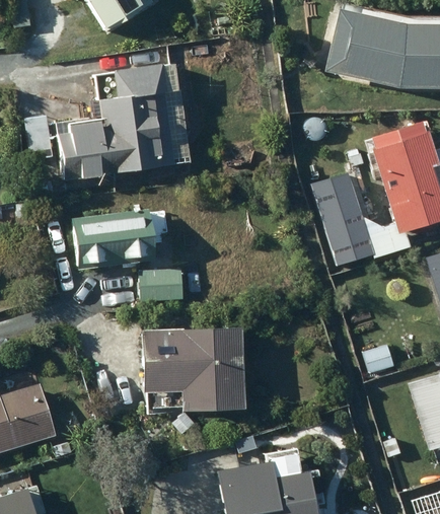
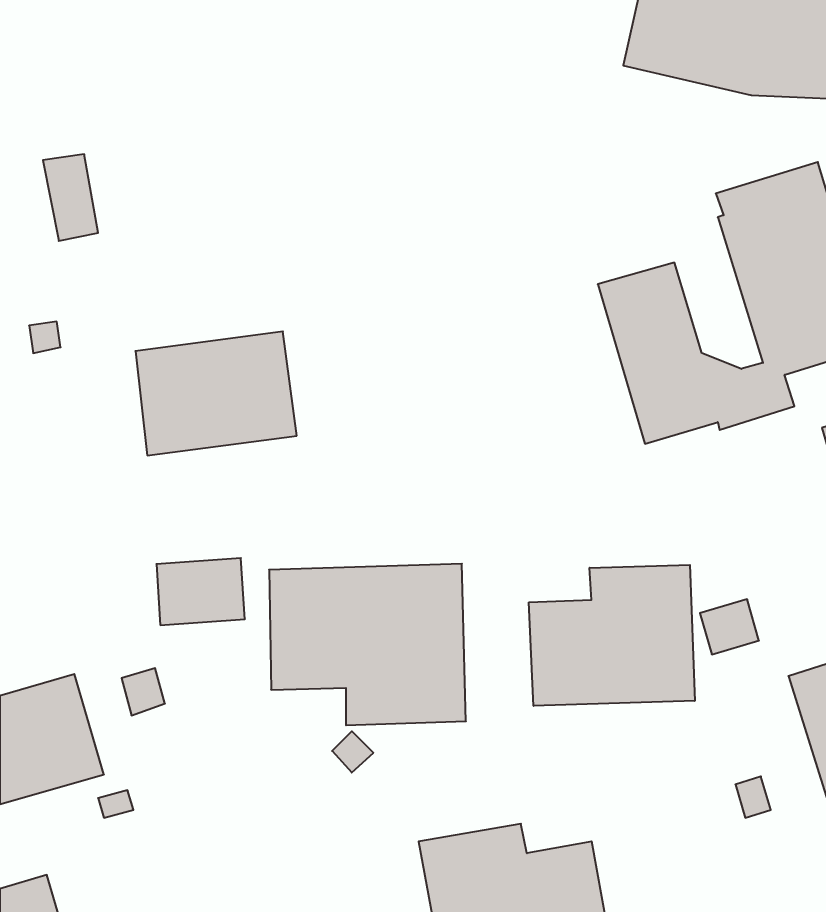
building: [57,60,192,179] -> none
building: [139,268,185,302] -> [156,558,245,625]
building: none -> [529,565,695,706]

